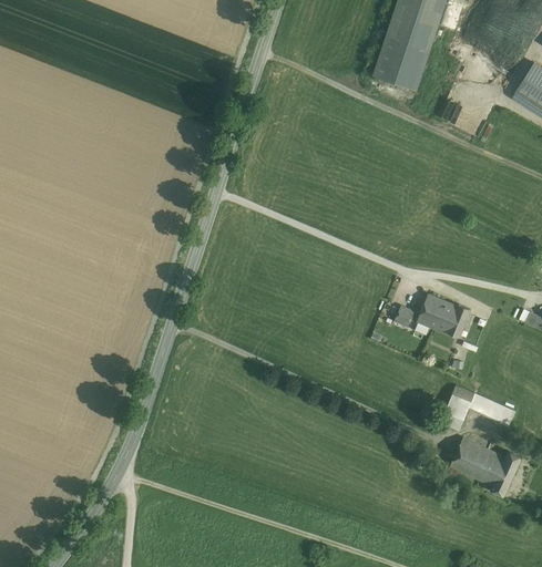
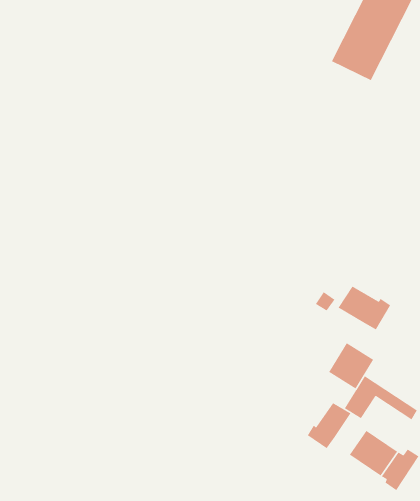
building: none -> [328,342,374,389]
building: none -> [307,402,351,449]

